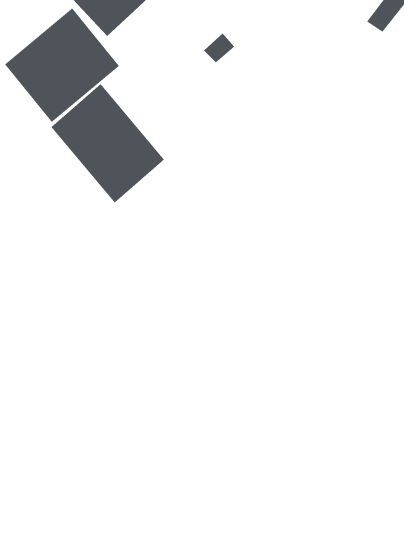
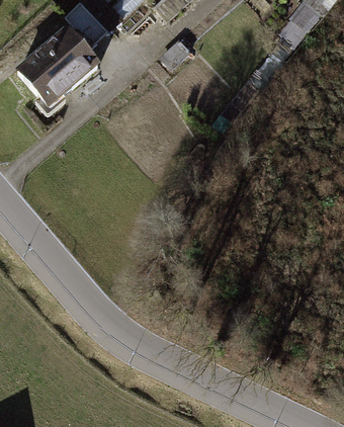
building: [51,83,165,203] -> none

